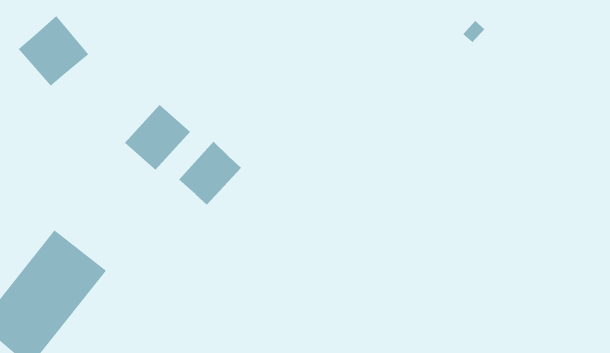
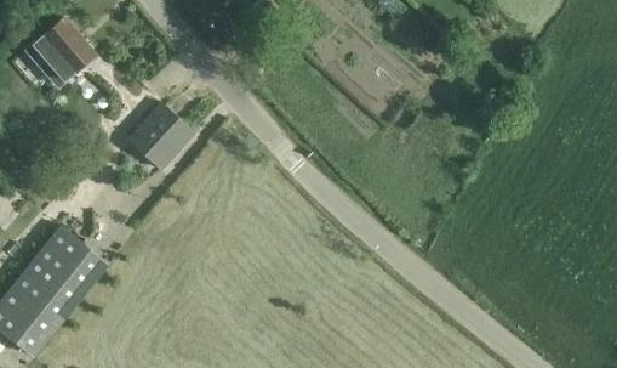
building: [178,141,242,205] -> none

